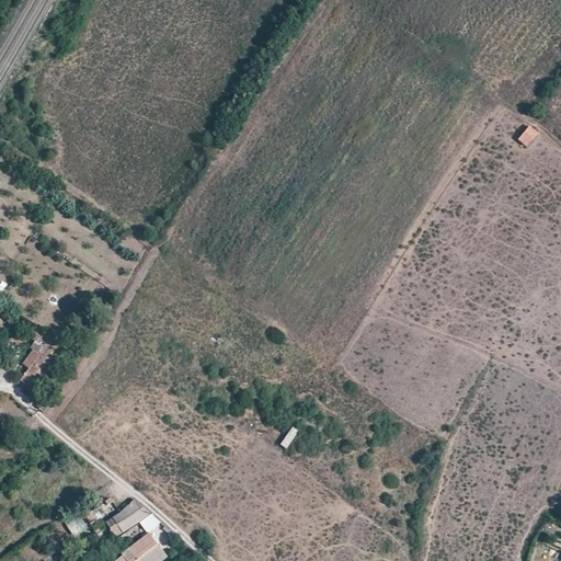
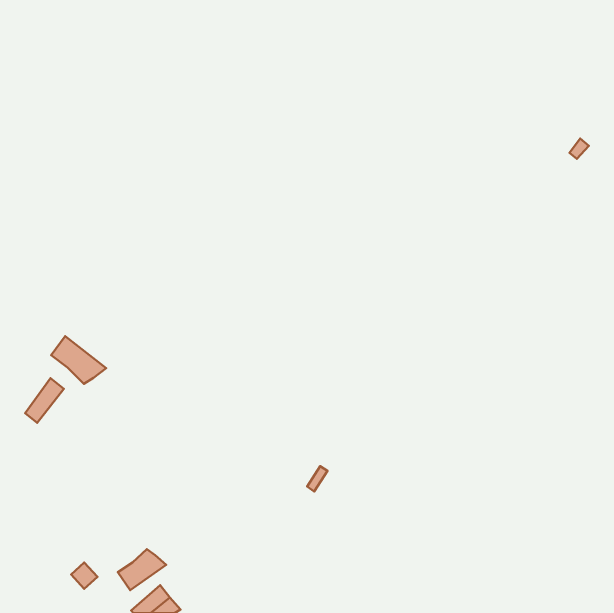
building: none -> [51,336,106,384]

